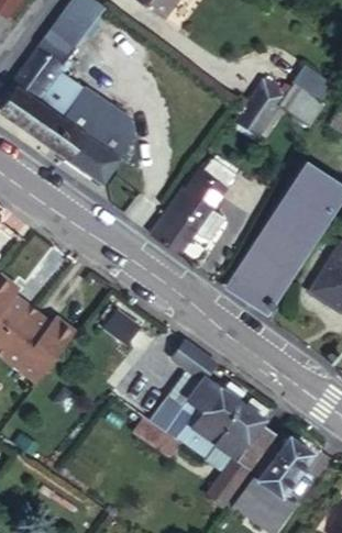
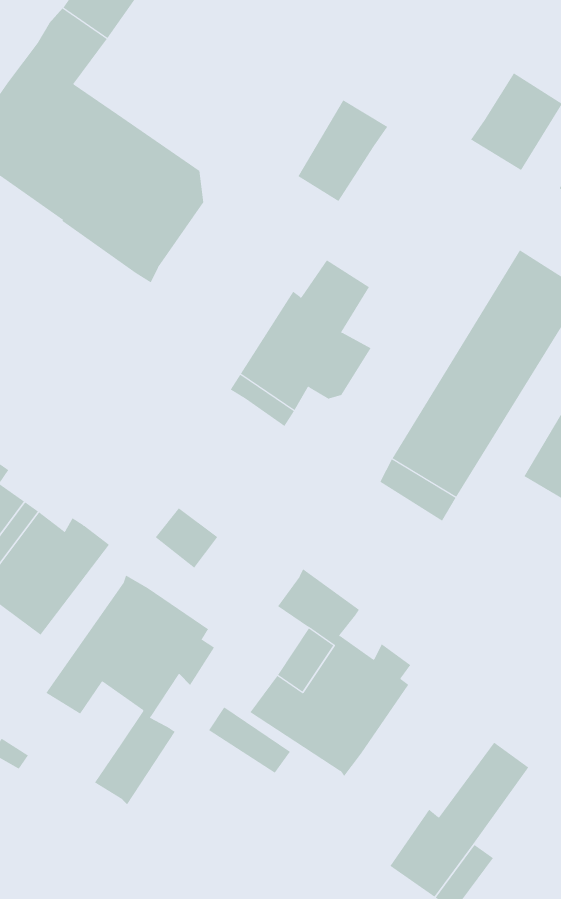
building: [236,76,287,133] -> [298,99,388,202]
building: none -> [45,574,215,805]
building: [208,398,275,506] -> none

